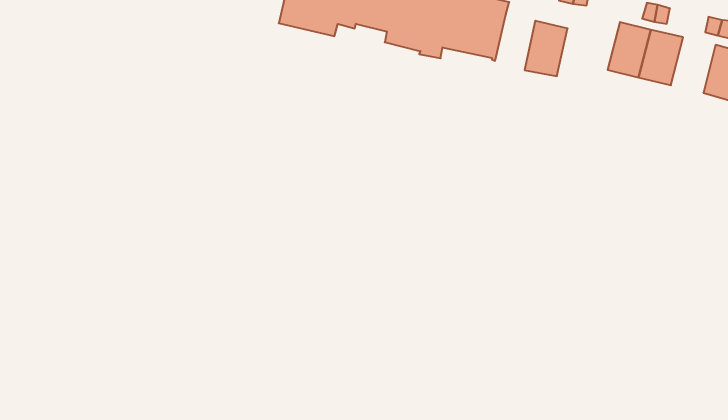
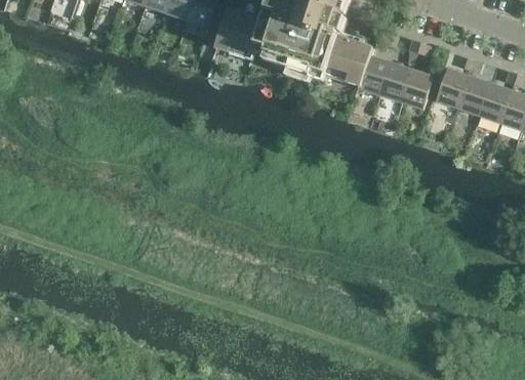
building: none -> [356,55,389,94]
building: none -> [400,69,432,109]
building: none -> [477,82,510,121]

